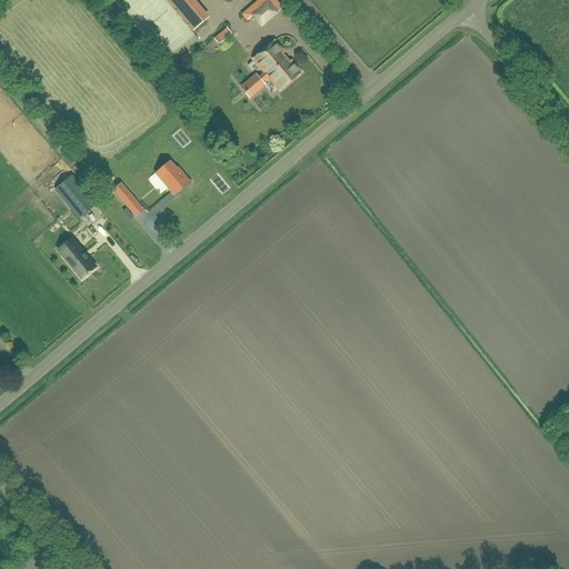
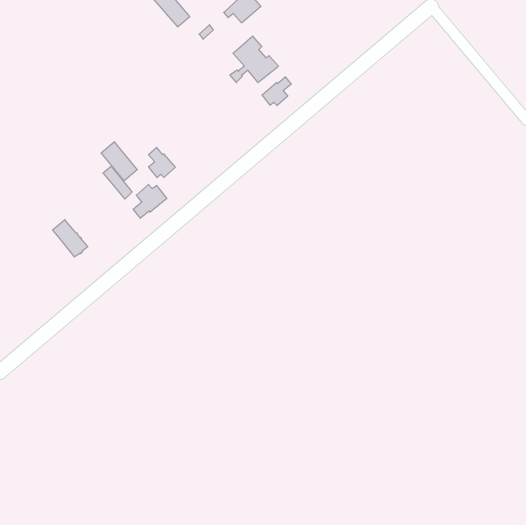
building: none -> [262,77,291,106]
building: [56,173,94,216] -> [101,142,137,181]
building: none -> [133,184,167,218]

